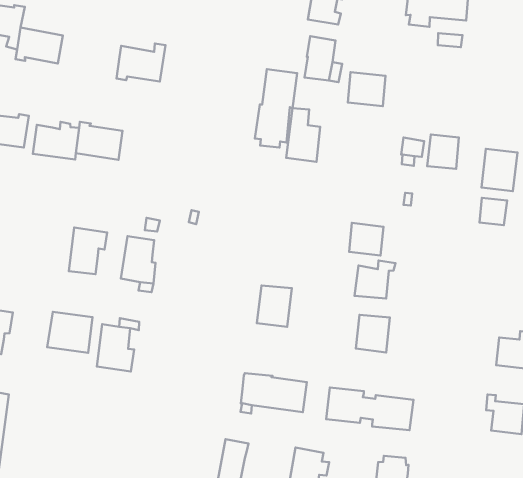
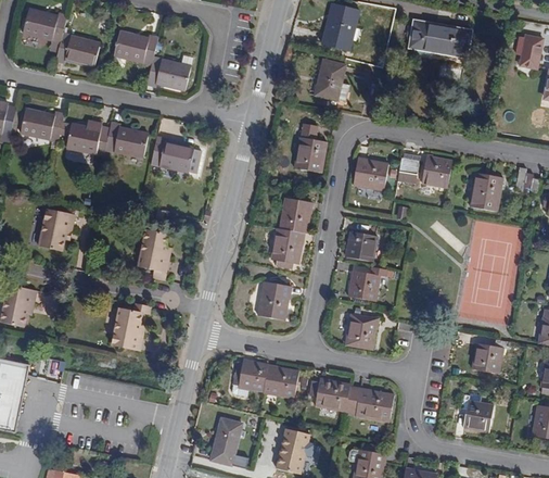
building: none -> [113,30,157,65]
building: [255,69,297,148] -> [270,197,312,268]
building: [348,72,385,106] -> [353,158,388,190]
building: none -> [150,136,201,174]
building: [480,198,507,225] -> none
building: [69,228,107,274] -> [38,207,75,251]
building: [47,312,92,353] -> none

